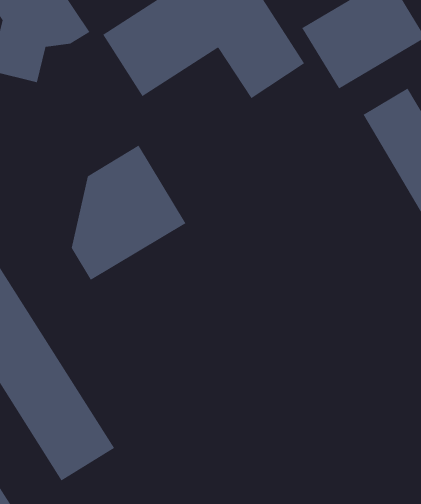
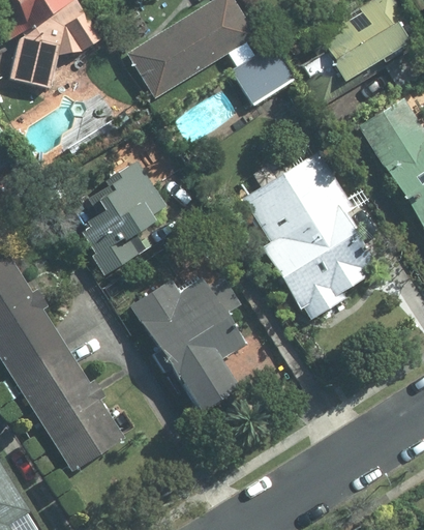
building: none -> [235,147,389,320]
building: none -> [126,263,261,419]

